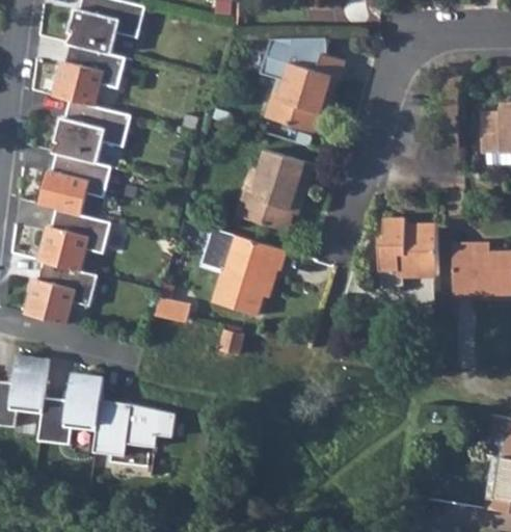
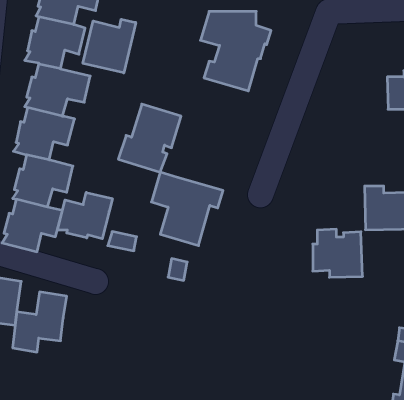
building: none -> [83,19,136,73]
building: [239,150,314,231] -> [118,104,181,172]
building: [382,219,441,276] -> [313,229,363,277]
building: none -> [57,192,112,239]
building: [91,402,171,466] -> none

